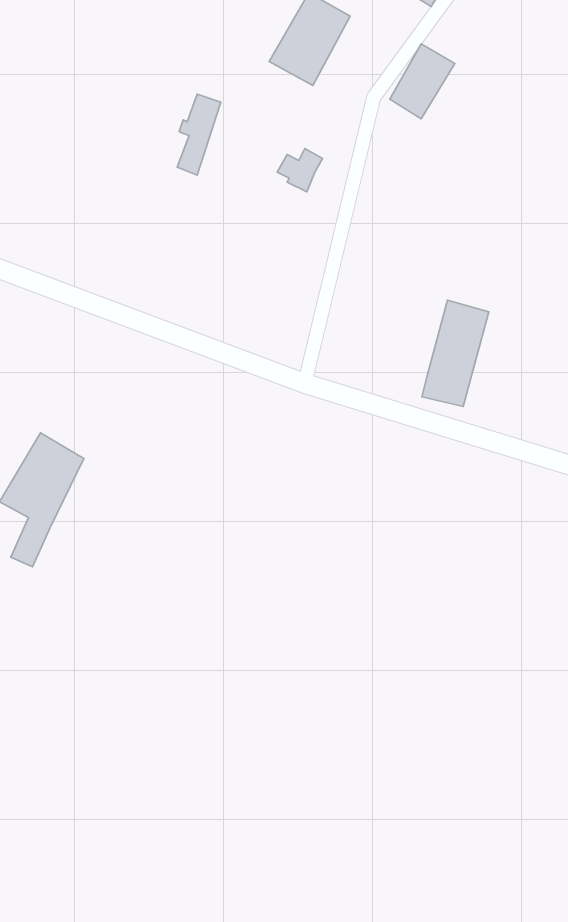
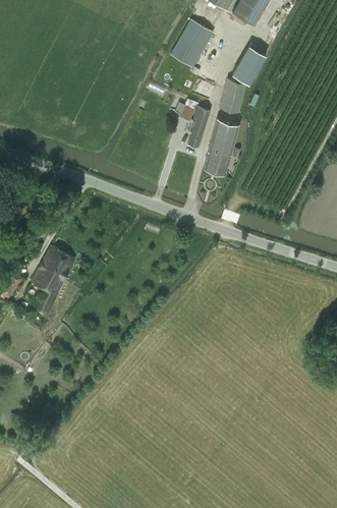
building: [177,94,221,175] -> [187,107,210,149]
building: none -> [219,79,245,113]
building: [422,300,489,407] -> [204,119,238,174]

